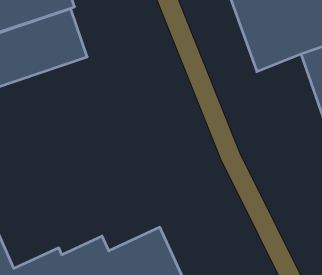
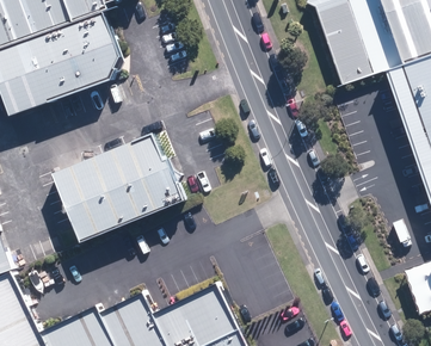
building: none -> [51,129,183,249]

